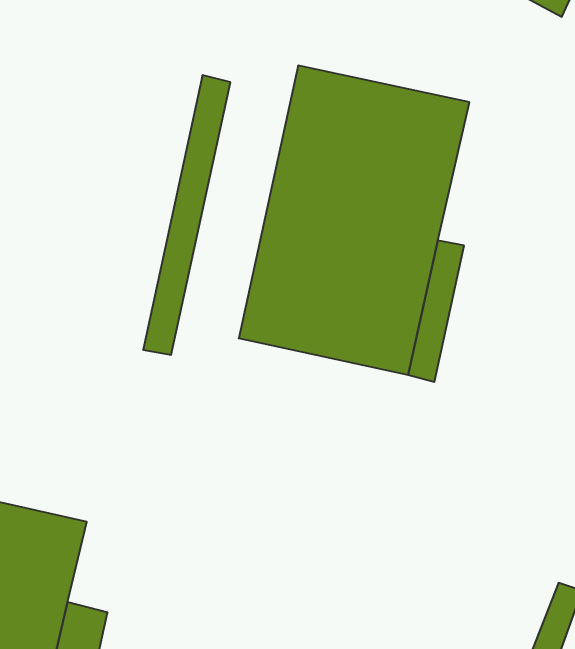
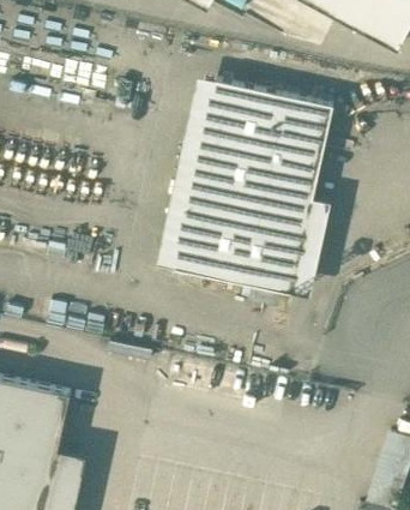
building: [143,75,230,355] -> [156,76,216,268]

